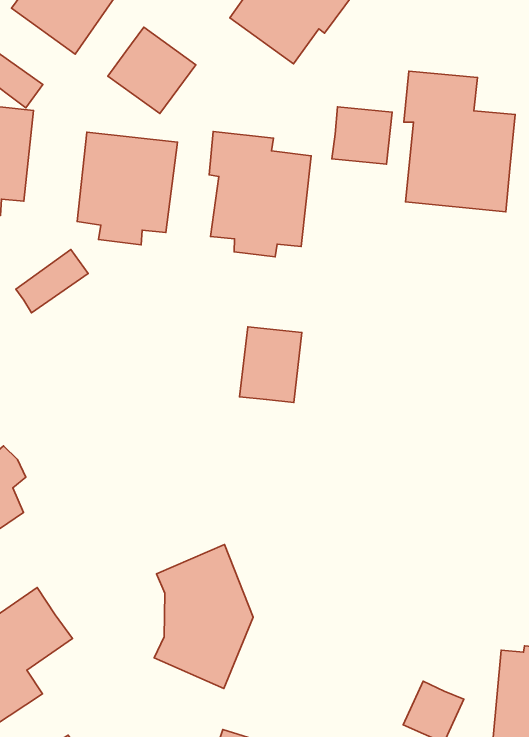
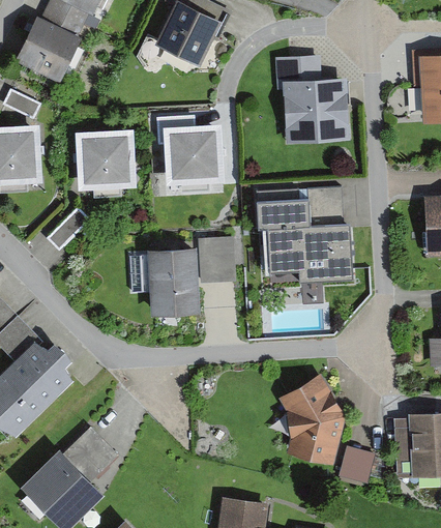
building: [108,27,196,114] -> none
building: [332,107,392,164] -> none
building: none -> [255,187,351,284]
building: none -> [146,246,200,316]
building: [154,544,253,689] -> [278,374,345,466]

